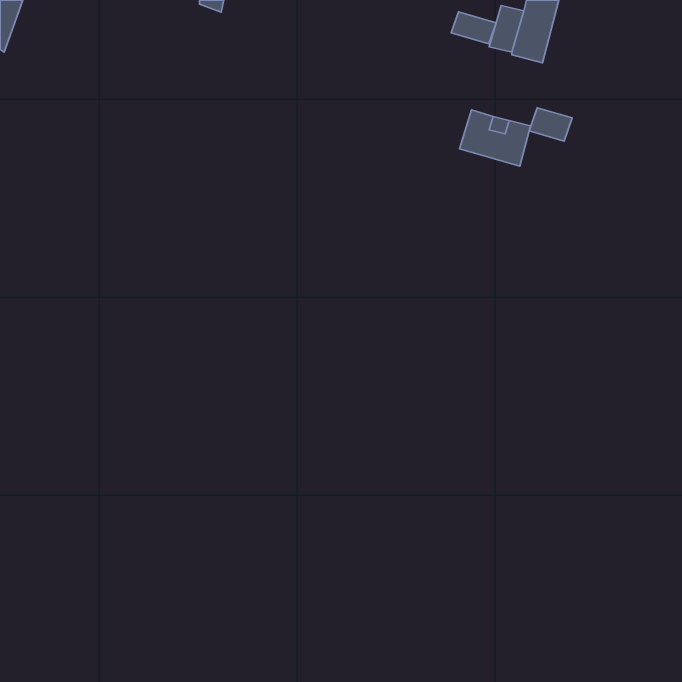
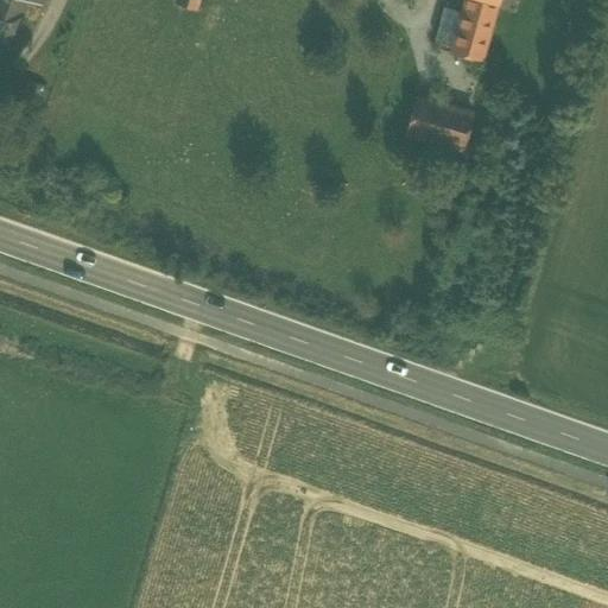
building: [451,12,496,44] -> none
building: [529,108,572,141] -> none

